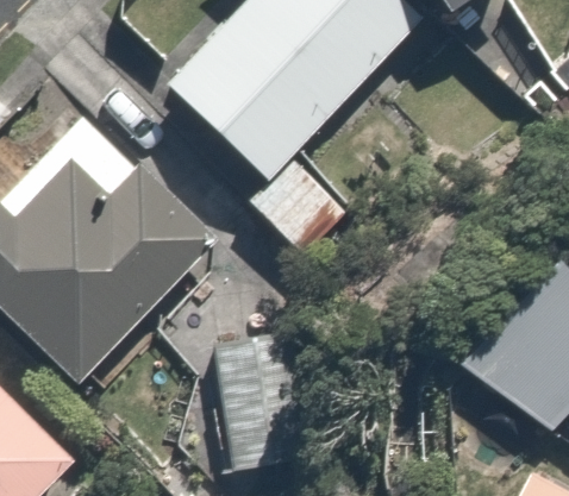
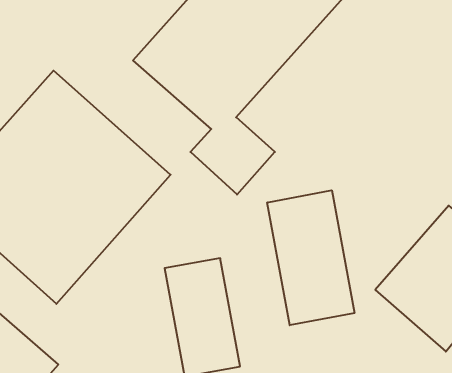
building: none -> [267,190,354,325]

